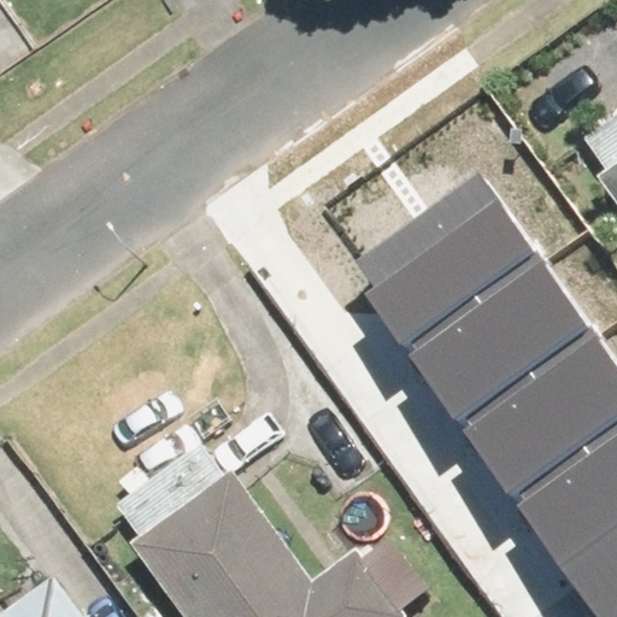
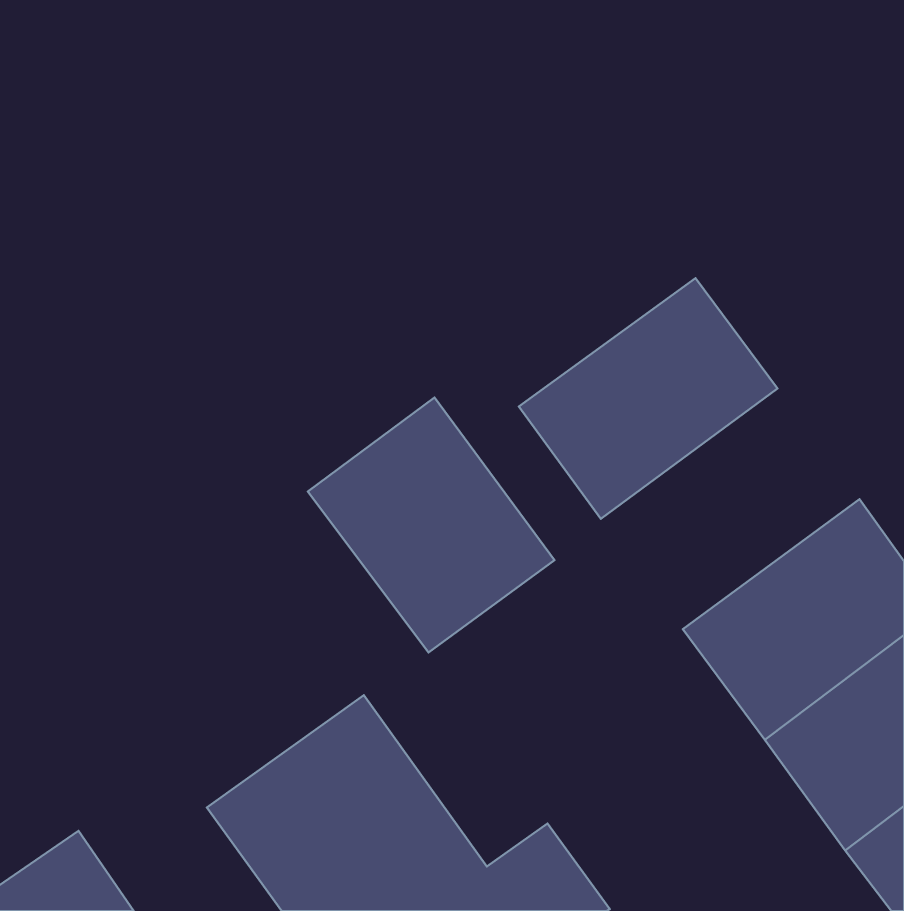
building: [406,263,581,425] -> none
building: none -> [308,397,555,653]

